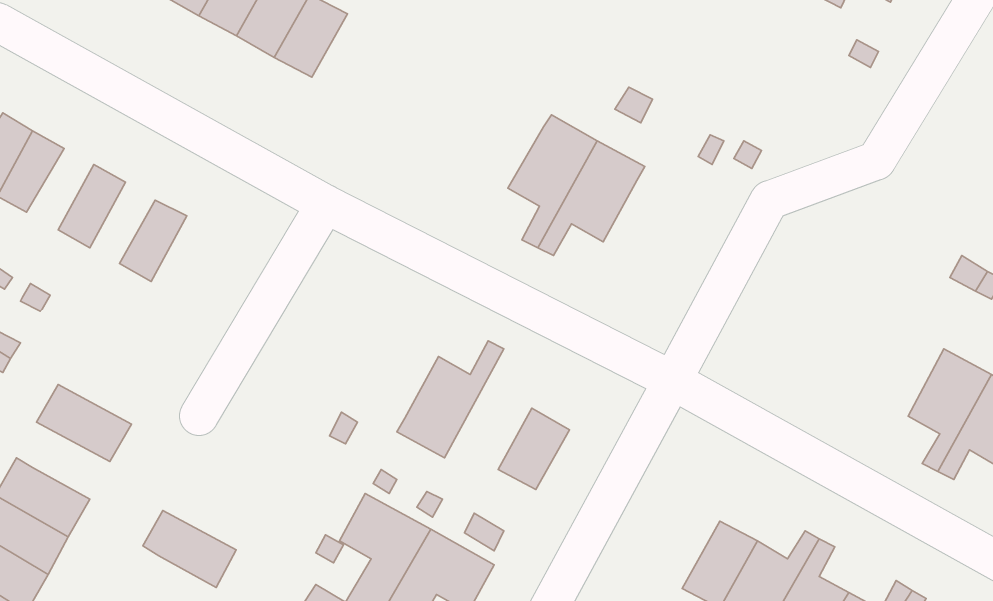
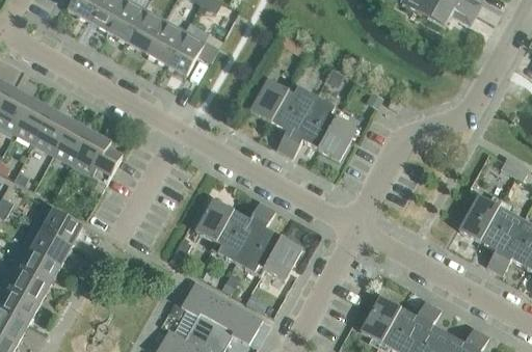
building: none -> [166,30,217,75]
building: none -> [249,79,288,121]
building: none -> [17,101,52,143]
building: none -> [319,117,356,160]
building: none -> [50,118,84,161]
building: none -> [82,136,122,192]
building: none -> [459,194,498,241]
building: none -> [195,198,233,242]
building: none -> [33,205,83,245]
building: none -> [236,206,282,276]
building: [143,510,236,588] -> [11,244,60,285]

